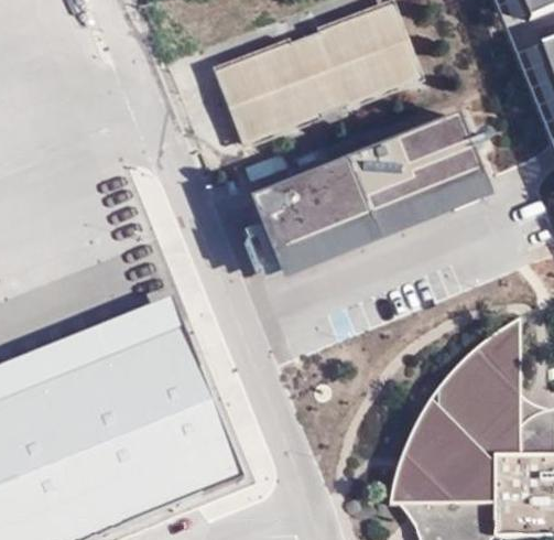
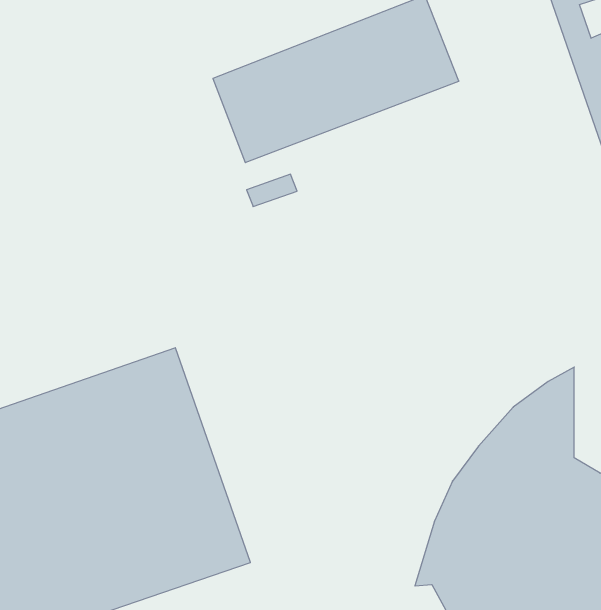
building: [254,110,495,268] -> none

